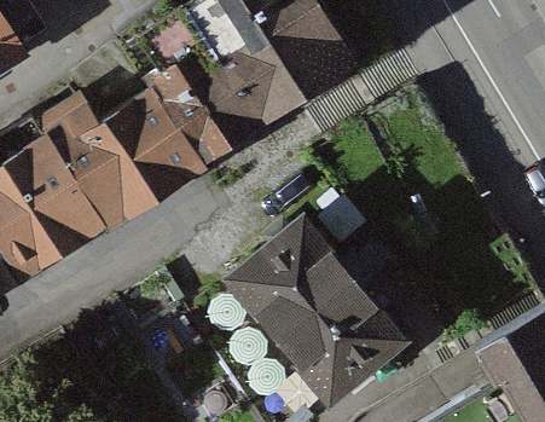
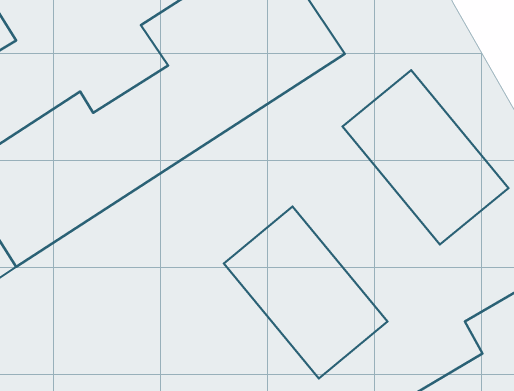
building: none -> [343,70,508,244]

